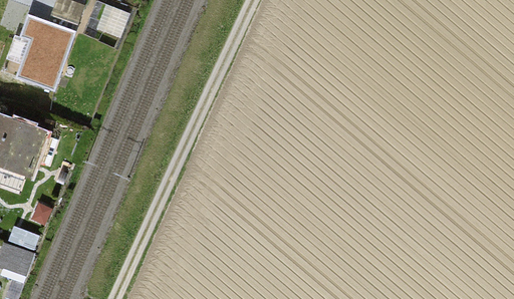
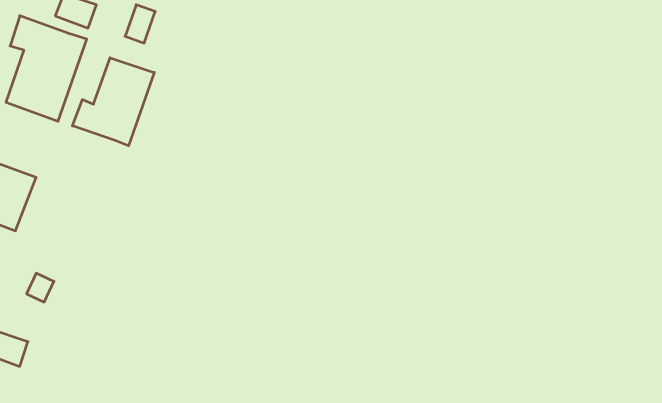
building: none -> [72,58,154,146]

